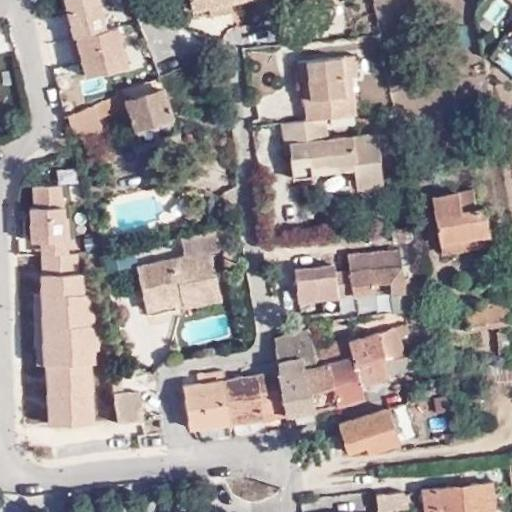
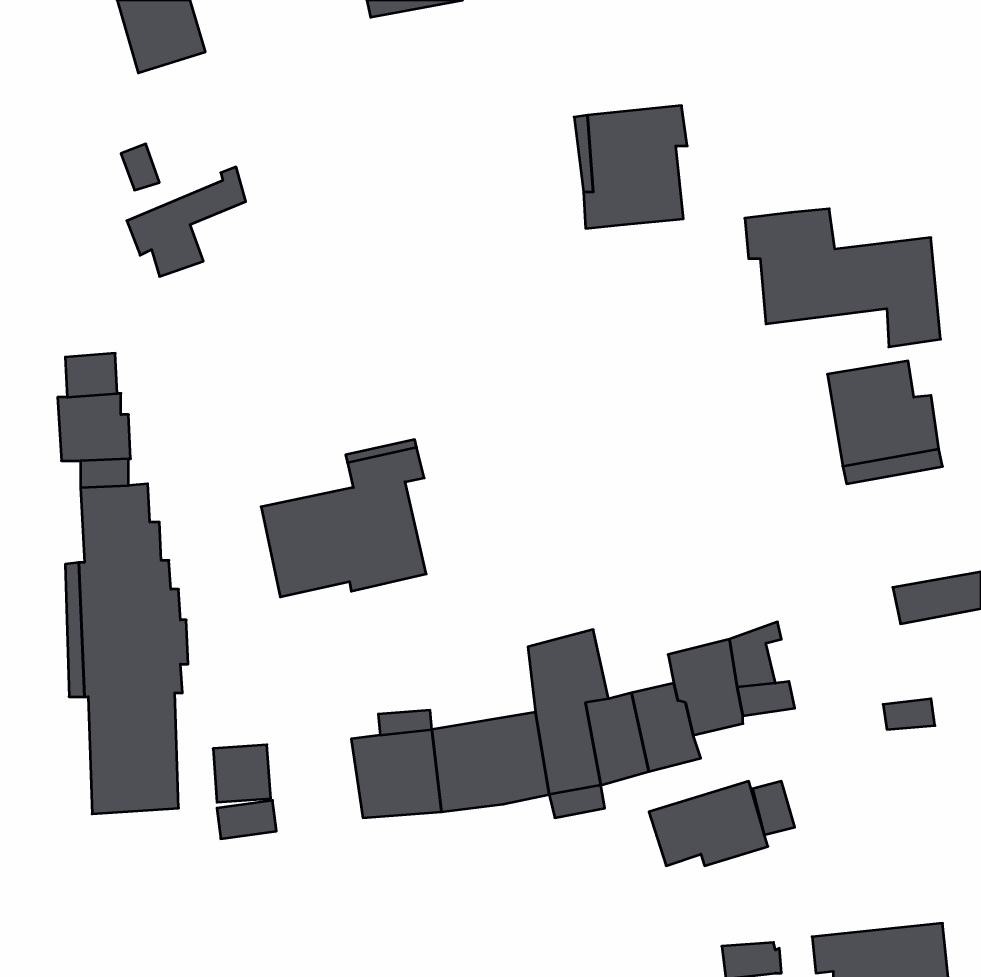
building: [72,27,127,79] -> none
building: [123,78,172,130] -> none
building: [281,119,383,191] -> [745,209,941,347]
building: [293,251,410,306] -> none

